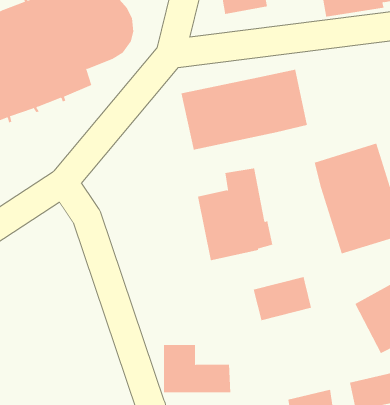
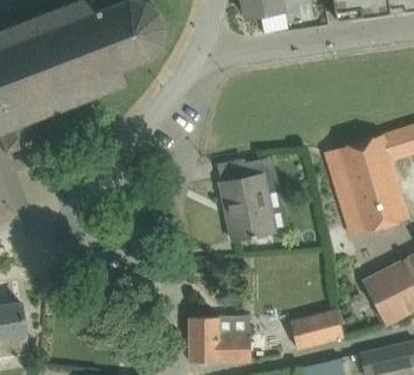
building: [181,69,307,150] -> none
building: [253,276,312,321] -> [289,309,343,349]

